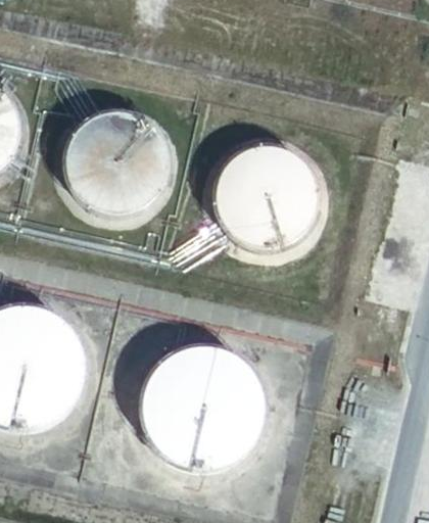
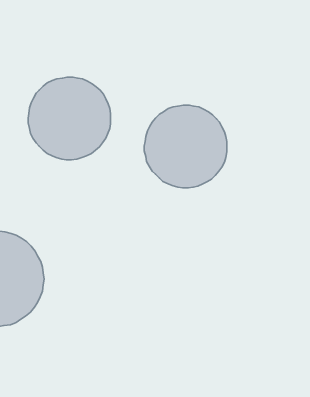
building: [140,345,263,468] -> none

